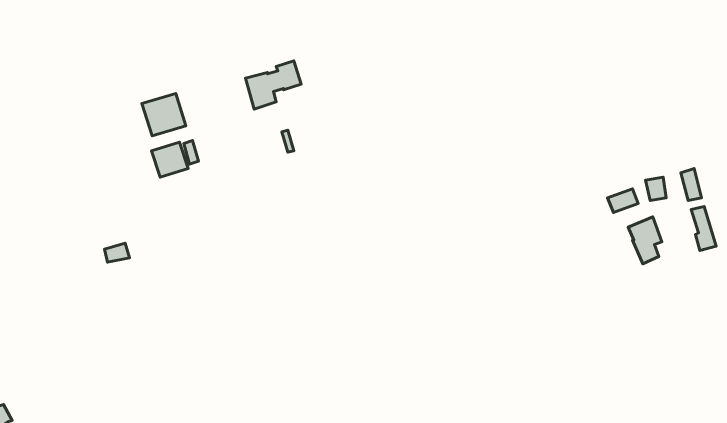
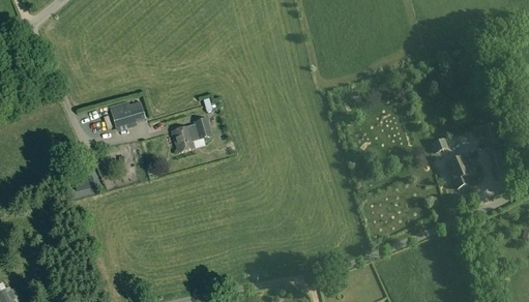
building: [246,61,301,109] -> [172,118,211,152]
building: [142,93,186,136] -> none

